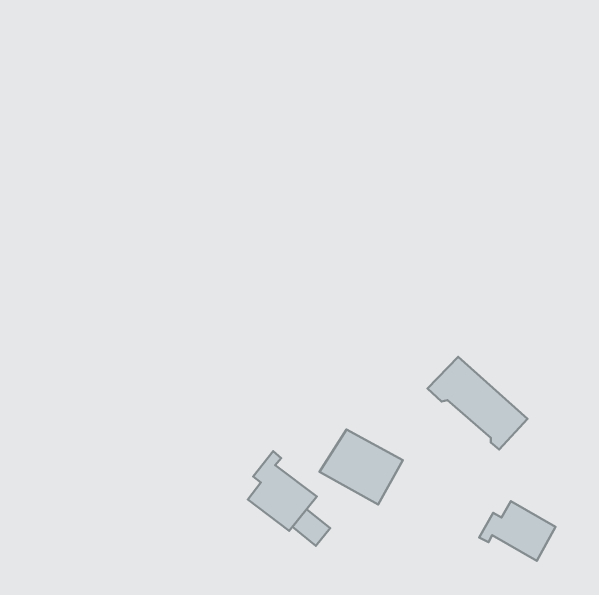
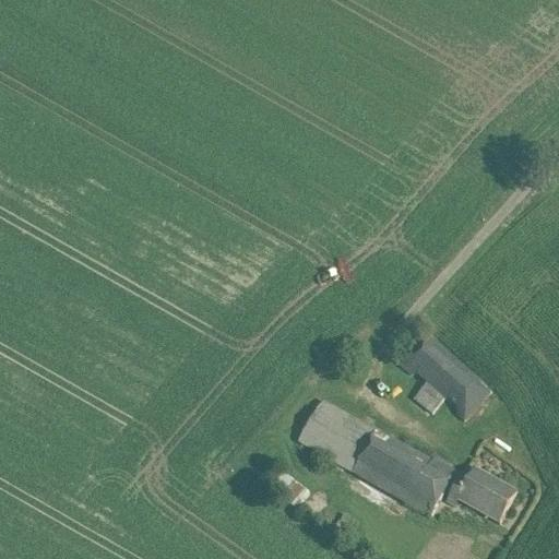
building: [248,451,317,531] -> none
building: none -> [352,428,456,514]

